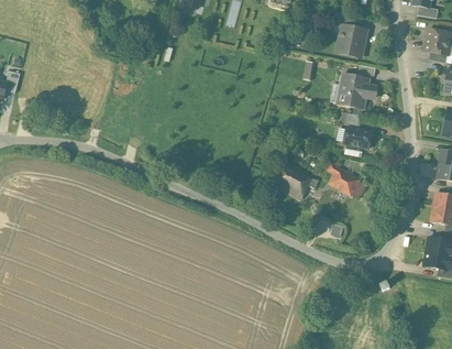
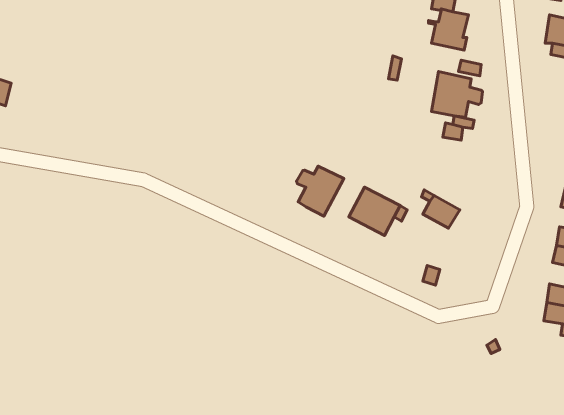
building: [342,127,372,156] -> none
building: none -> [297,166,344,216]

